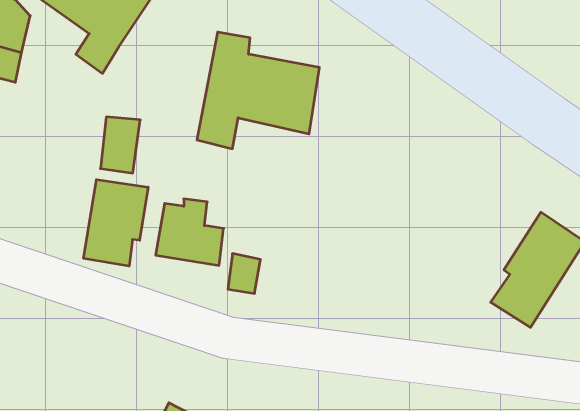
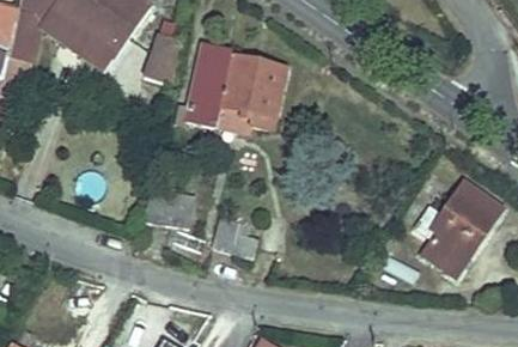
building: [100,117,140,173] -> [147,32,179,78]
building: [84,180,148,266] -> none

